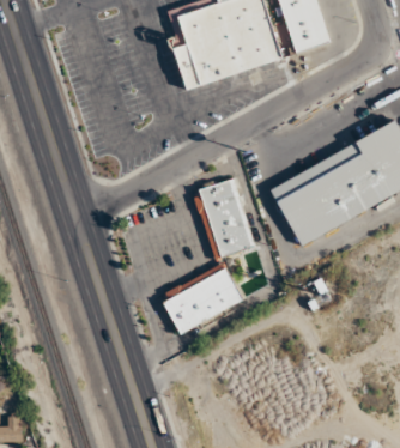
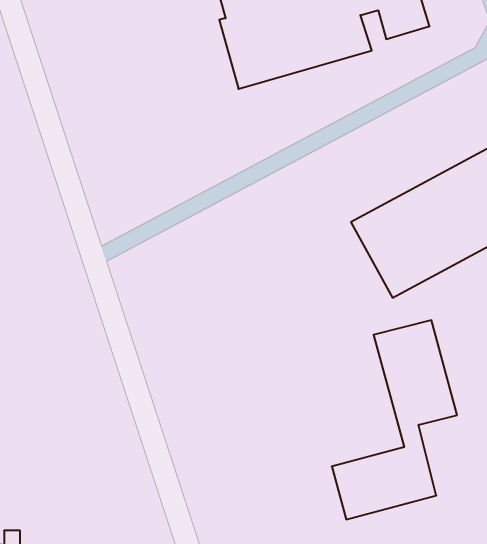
building: [164,178,257,327] -> [332,320,457,519]

